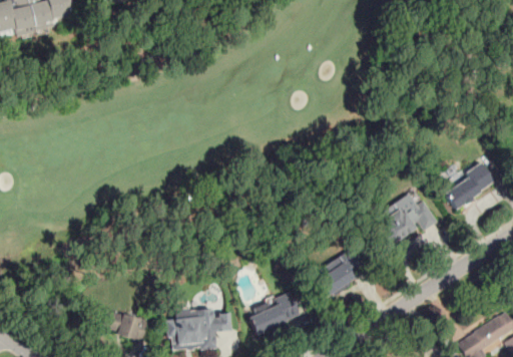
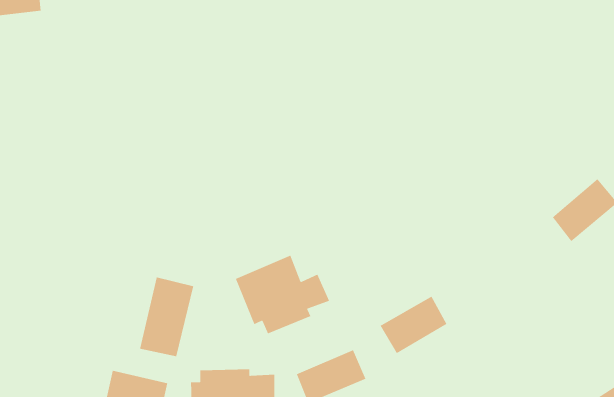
building: [375,193,435,248] -> none
building: none -> [235,255,330,335]
building: none -> [139,277,194,357]

